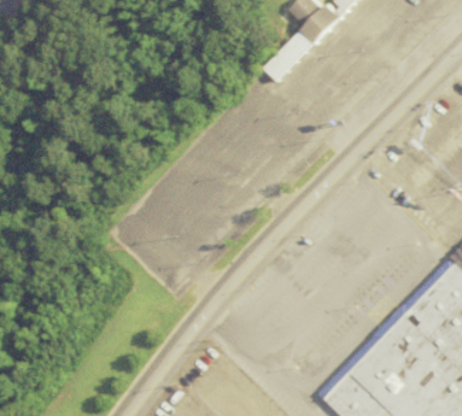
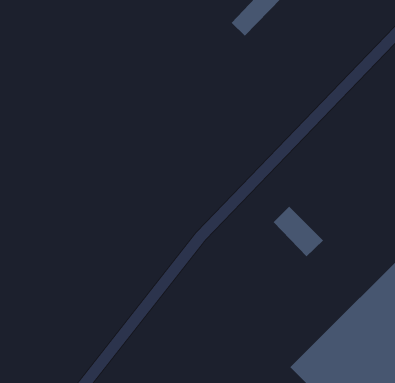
building: none -> [273,206,324,257]

